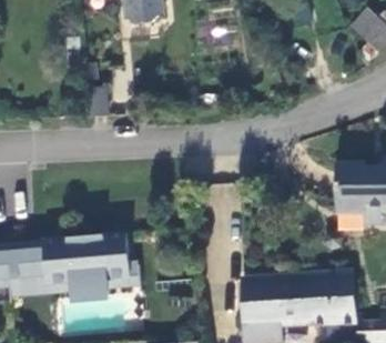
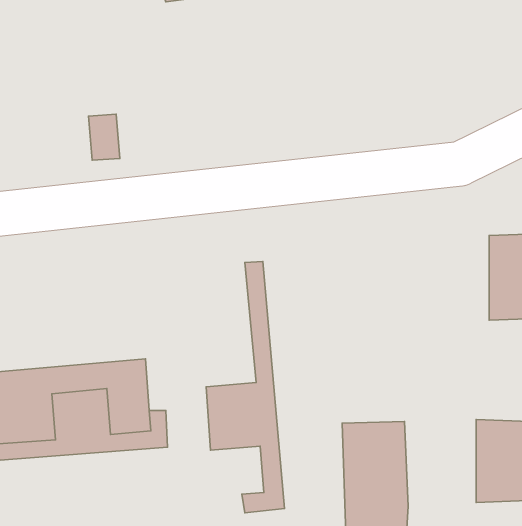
building: none -> [206,262,285,513]
building: [281,274,324,326] -> none

